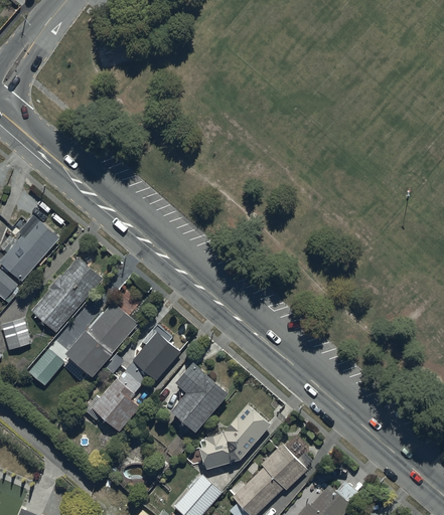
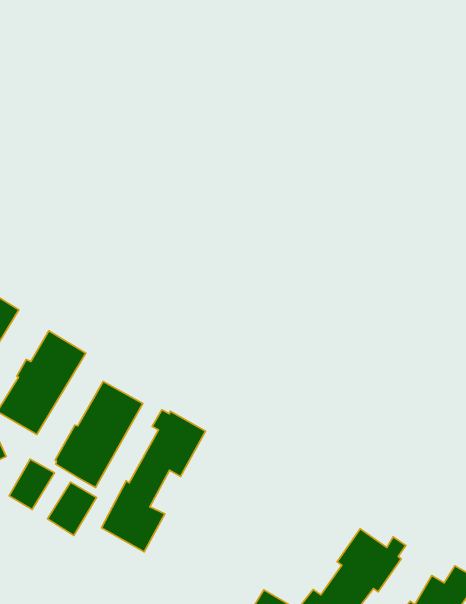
building: [169,363,228,434] -> none
building: none -> [47,482,96,536]
building: [198,403,270,469] -> none

